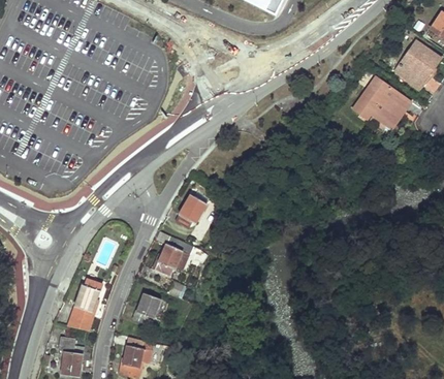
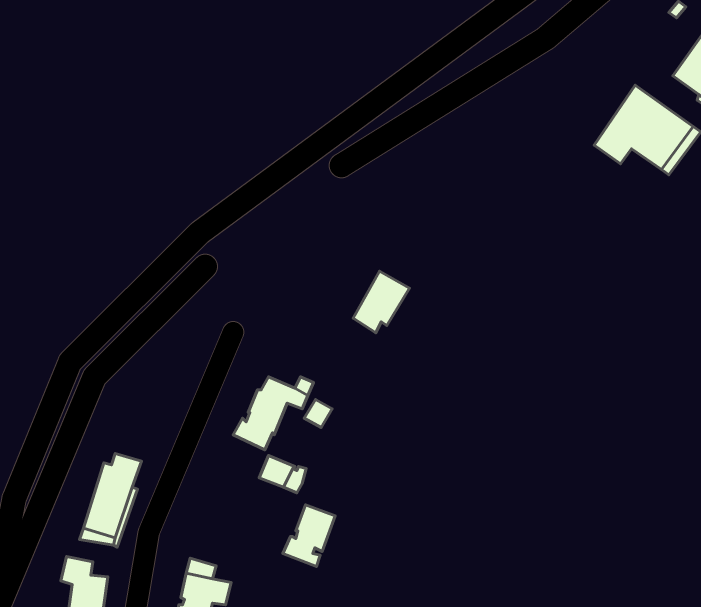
building: [178,193,209,227] -> [353,271,409,333]
building: [133,291,162,325] -> [283,505,335,566]

